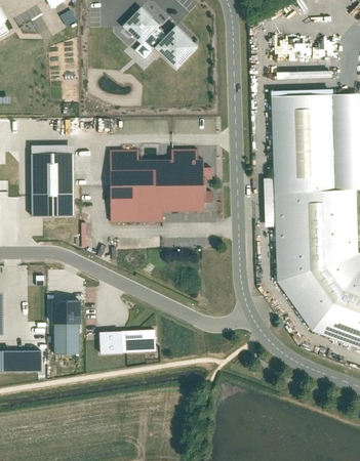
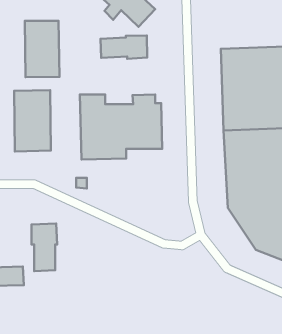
building: none -> [25,21,59,77]
building: none -> [101,35,147,59]
building: [95,329,153,352] -> none

